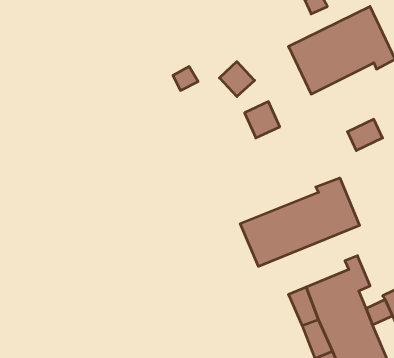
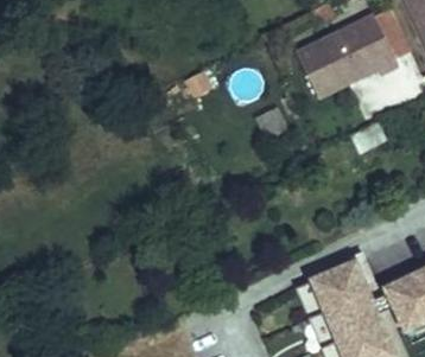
building: [240,178,360,266] -> none

